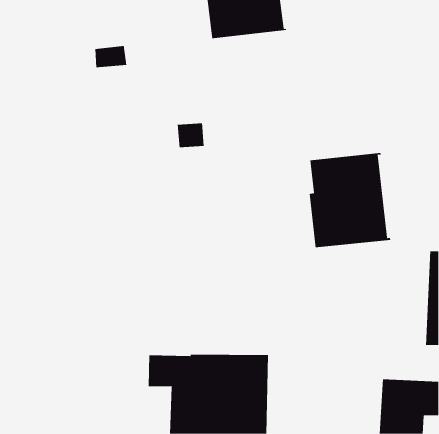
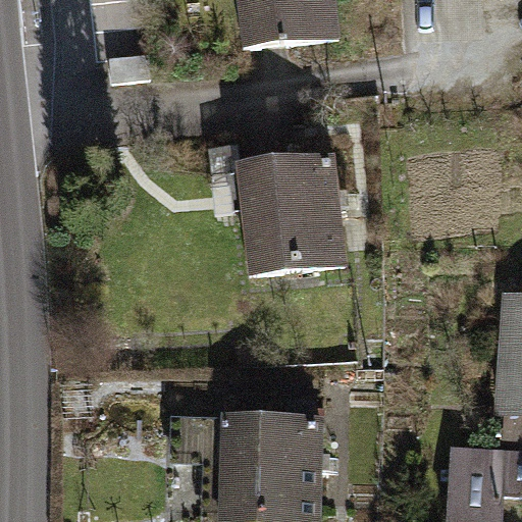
building: [309,152,391,248] -> [250,159,348,272]

